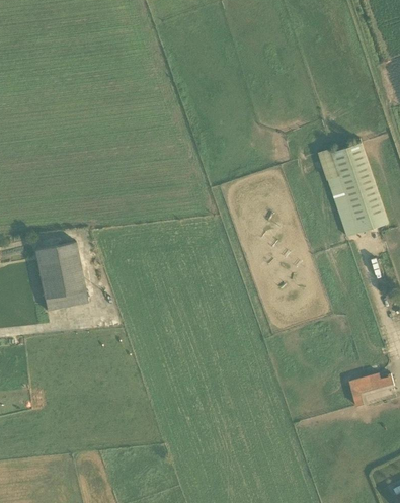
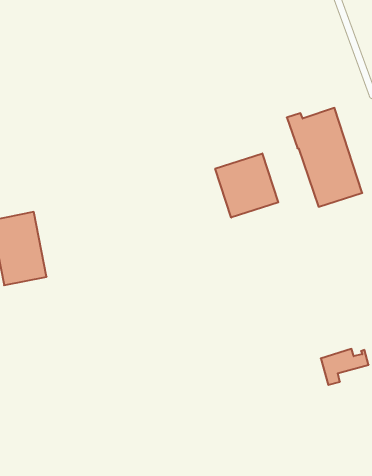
building: none -> [215,153,278,218]

